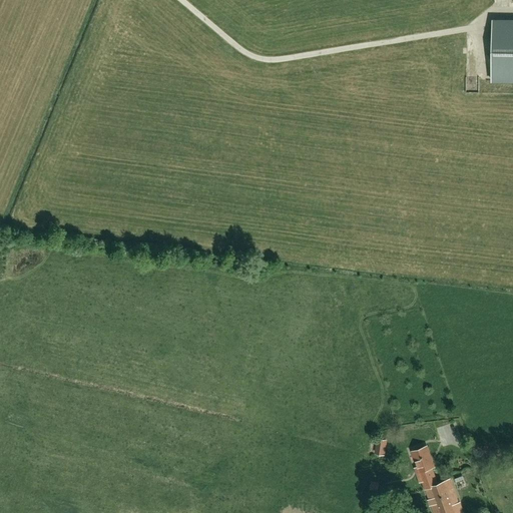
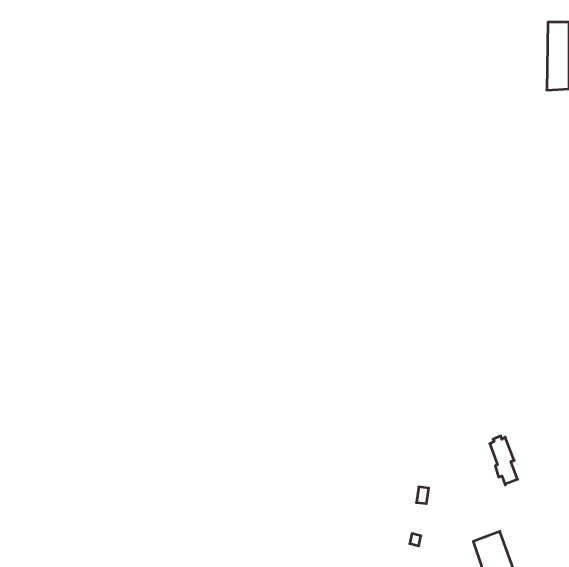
building: [412,446,437,490] -> [490,436,518,485]

